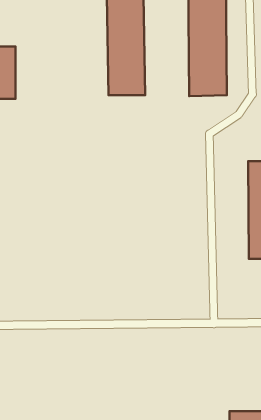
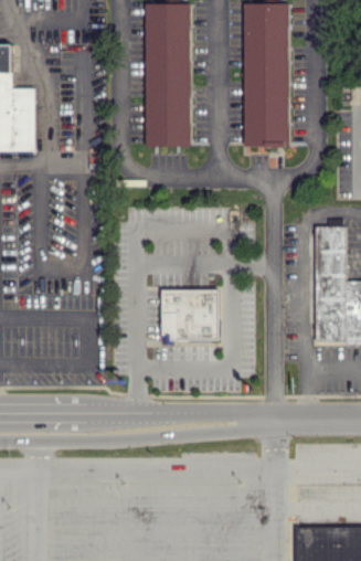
building: none -> [160,289,219,345]

